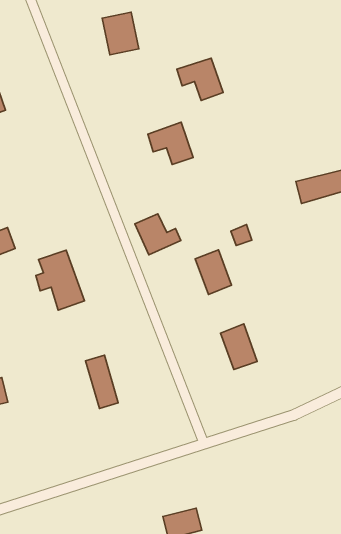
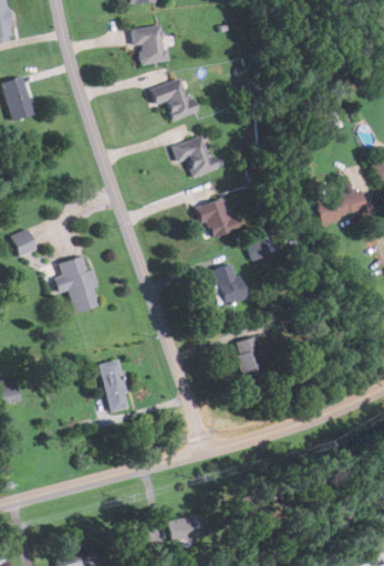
building: [177,58,223,100] -> [152,78,196,119]
building: [135,214,181,255] -> [198,199,242,239]

